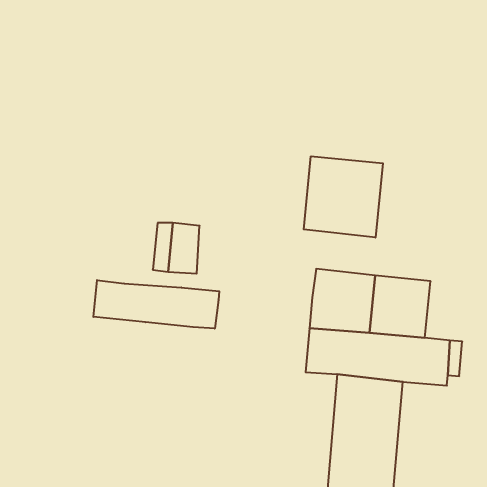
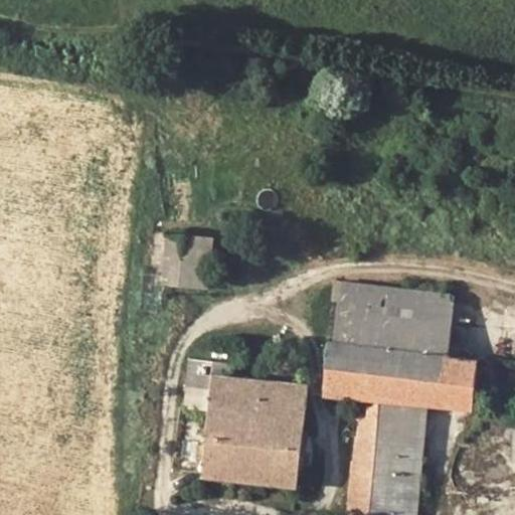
building: [304,156,383,238] -> none
building: [93,280,219,329] -> none
building: none -> [184,360,307,487]

